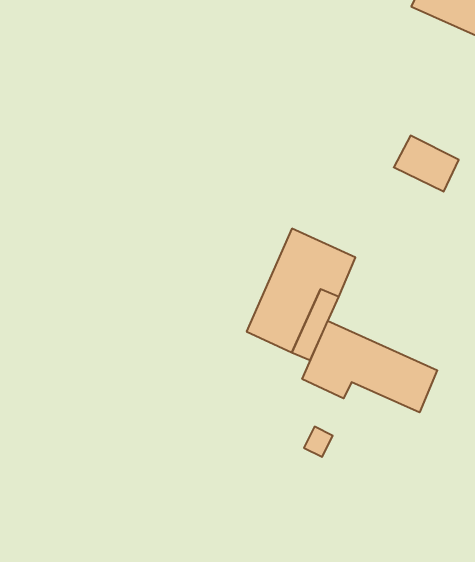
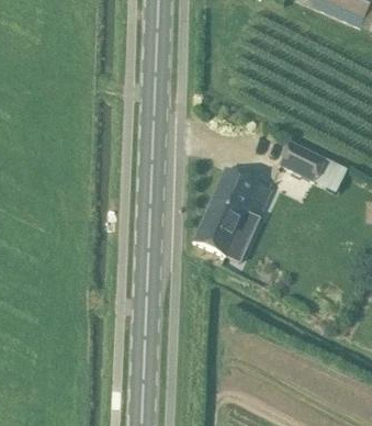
building: [394,136,459,192] -> [280,142,327,182]
building: [302,321,437,412] -> none

